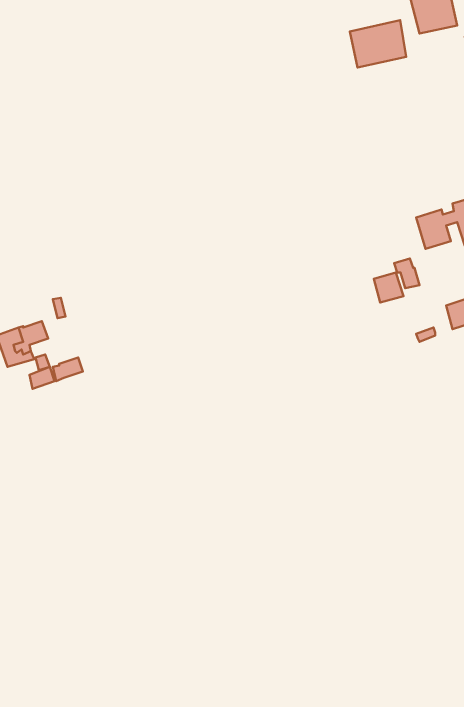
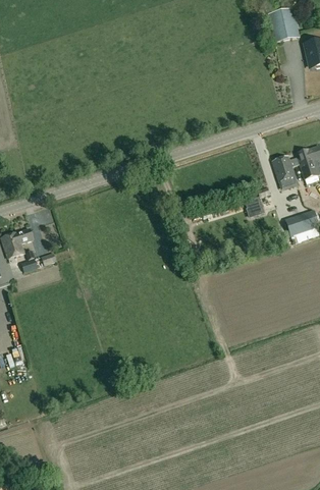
building: [350,20,406,68] -> none

